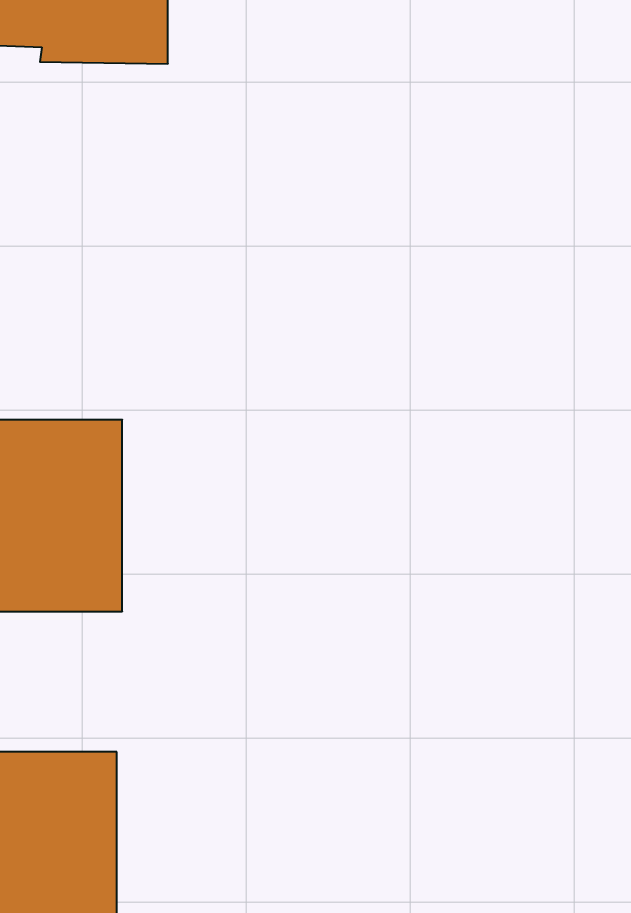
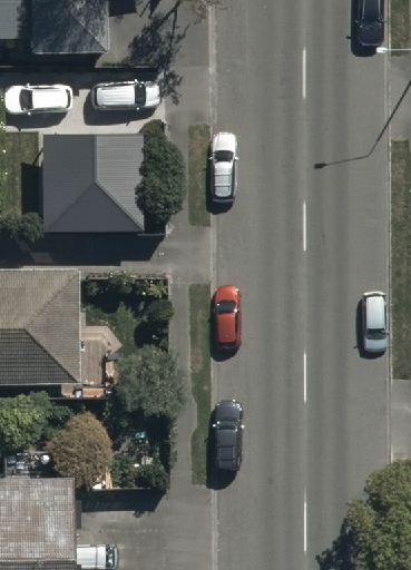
building: none -> [41,142,145,239]

